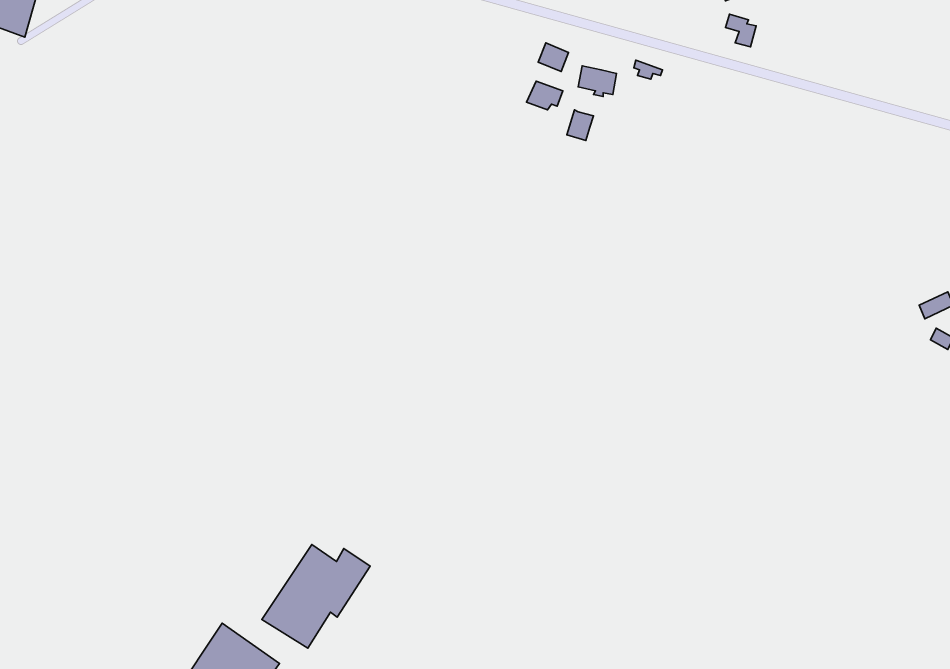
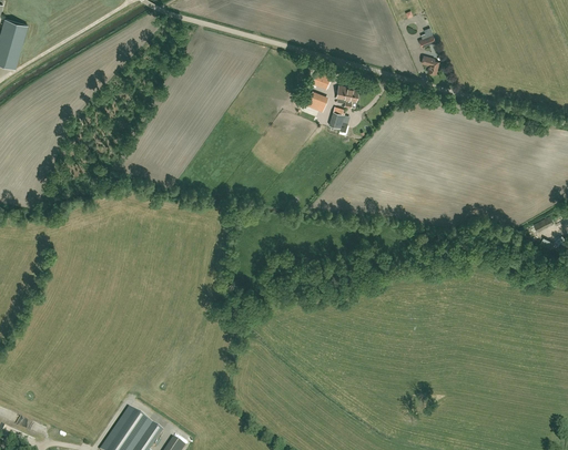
building: [262,545,370,648] -> none

